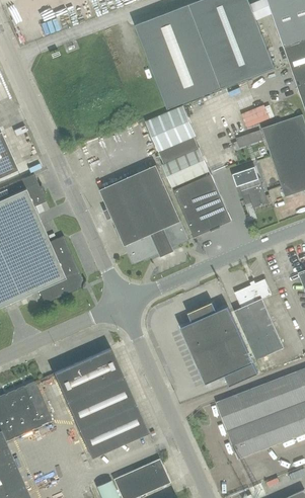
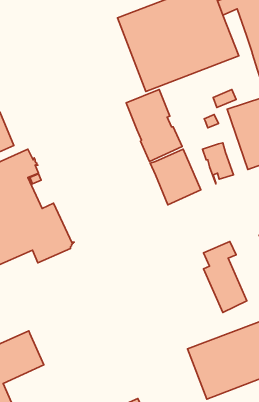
building: [99,166,188,265] -> none
building: [180,302,258,386] -> none
building: [54,348,148,458] -> none

